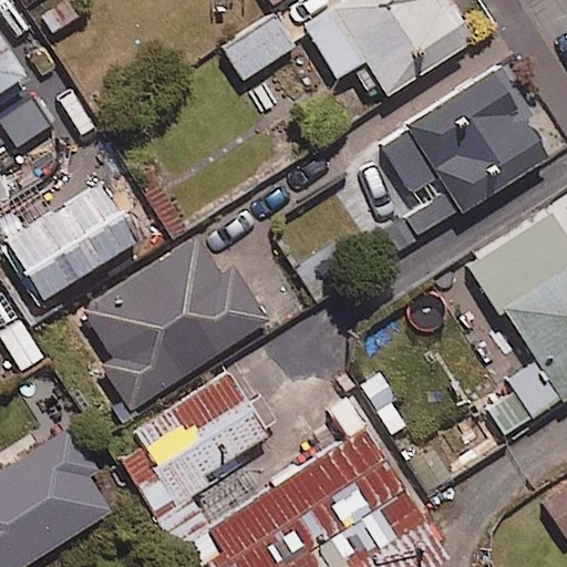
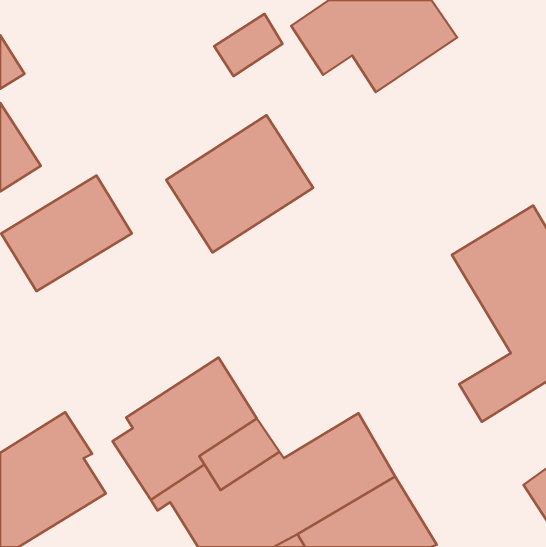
building: [377,64,550,252] -> none
building: none -> [166,115,313,253]
building: [84,238,268,409] -> none

